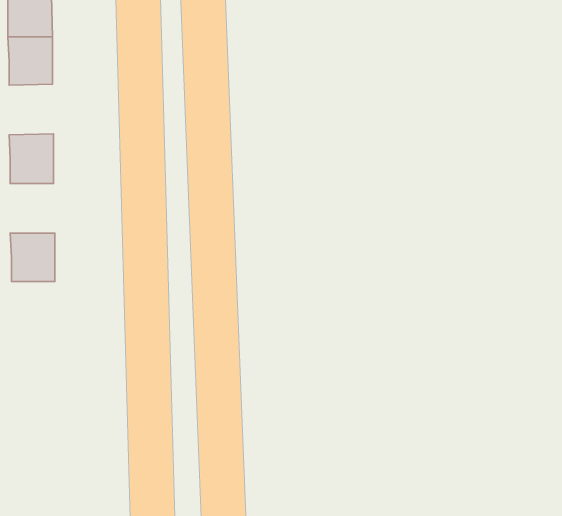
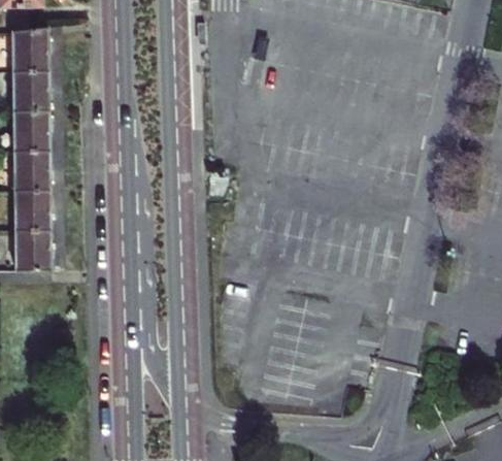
building: none -> [13,108,49,150]
building: none -> [14,189,51,229]

